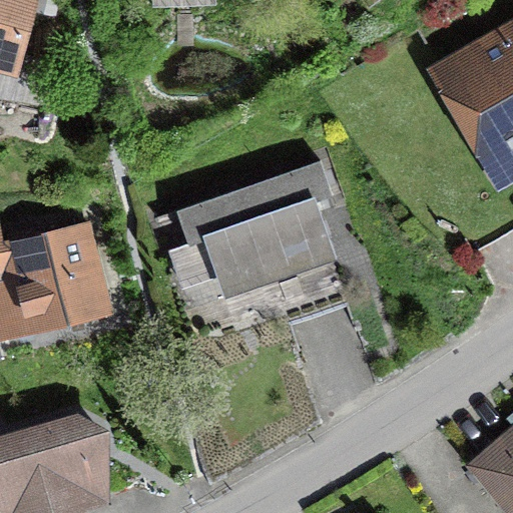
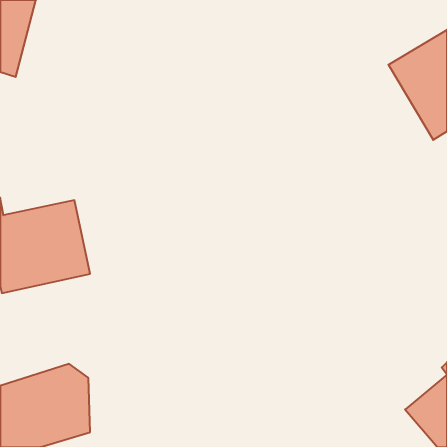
building: [175,167,338,305] -> none

